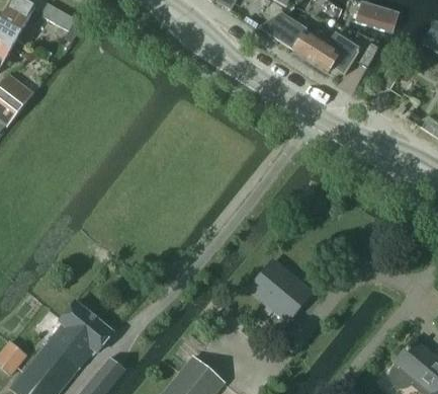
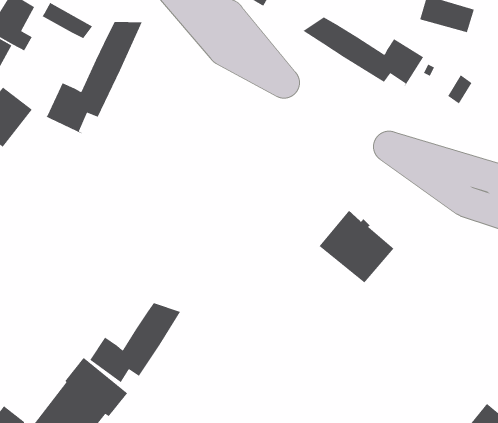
building: none -> [43,21,143,134]
building: none -> [87,302,181,385]
building: [248,260,312,322] -> [318,210,395,284]

